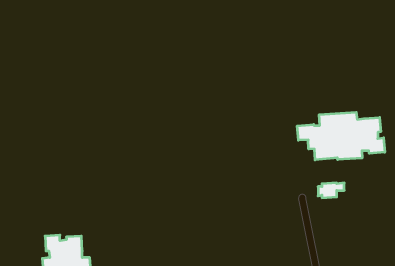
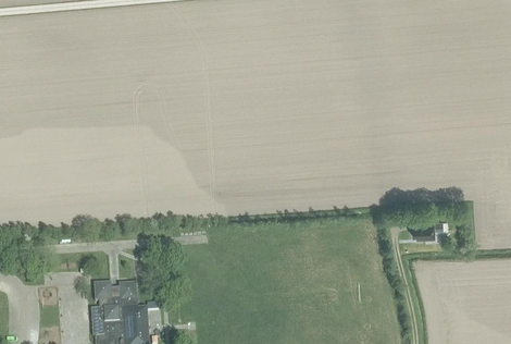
building: [297,112,385,160] -> none

